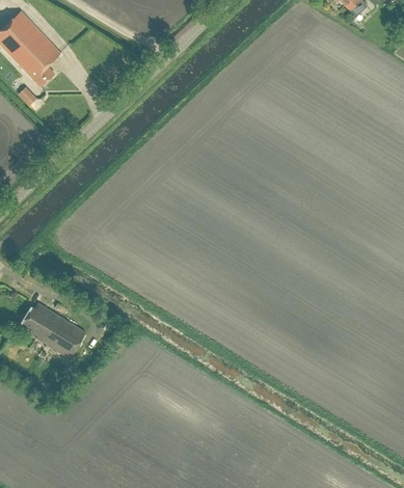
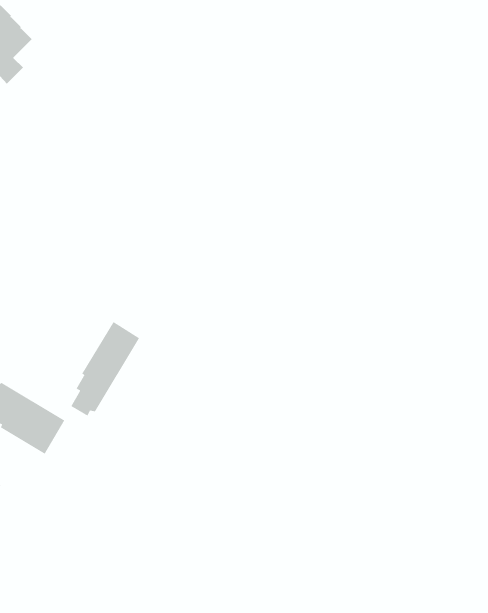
building: none -> [71,321,140,416]

